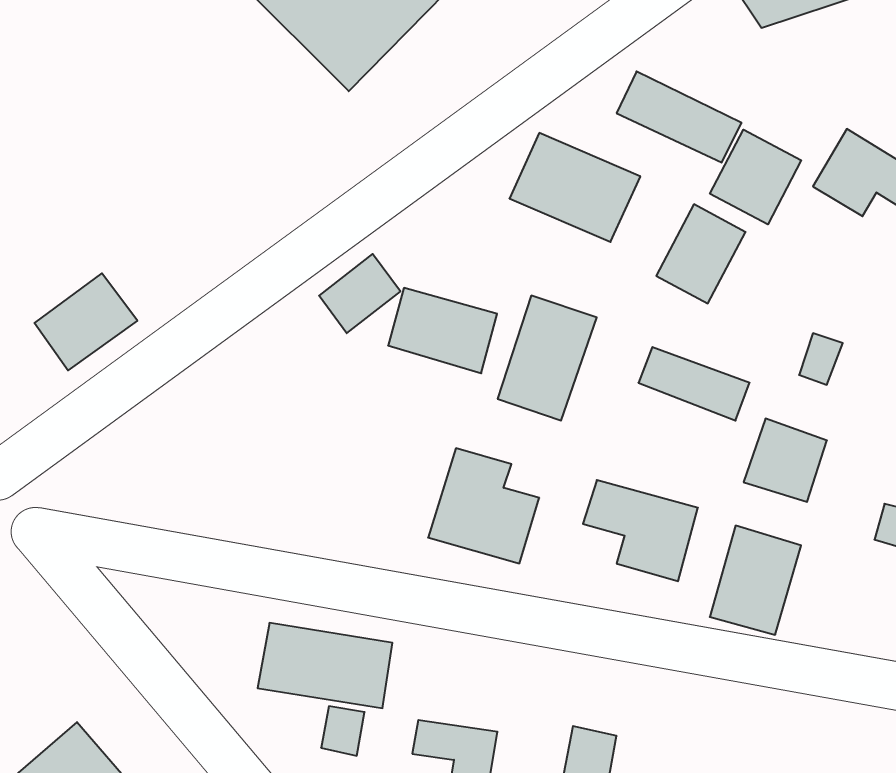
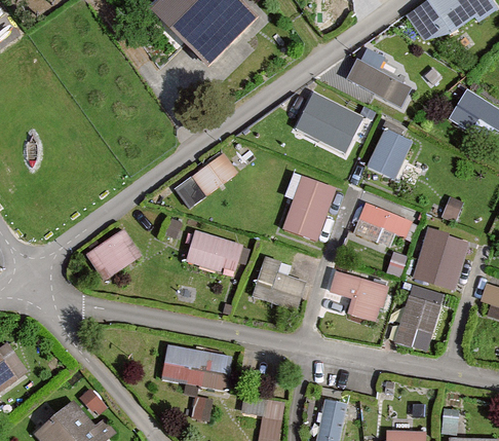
building: [710,130,801,224] -> none
building: [34,273,137,370] -> [83,228,137,279]
building: [388,288,497,373] -> [182,229,238,273]

